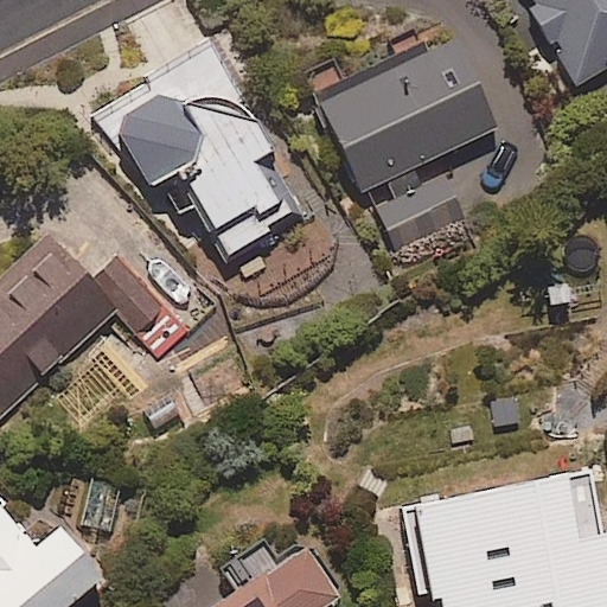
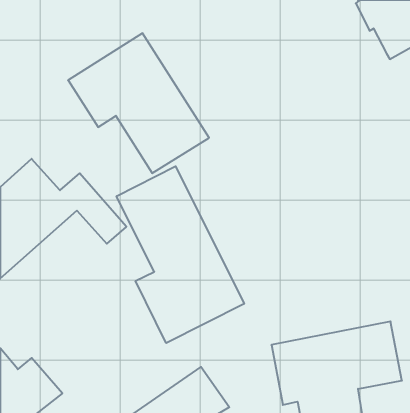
building: [308,34,498,258] -> none
building: none -> [117,166,244,343]

